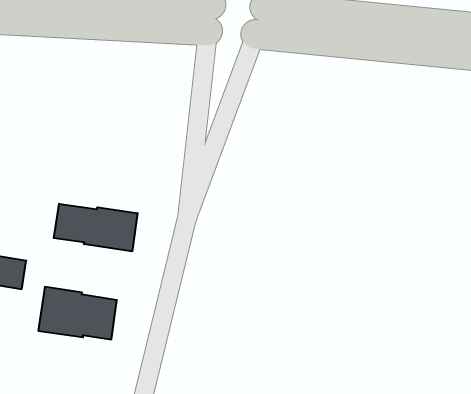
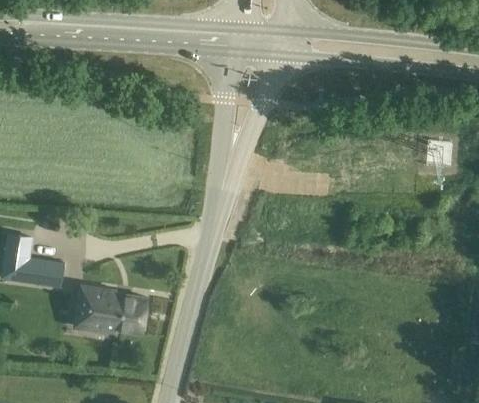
building: [54,204,138,251] -> none

